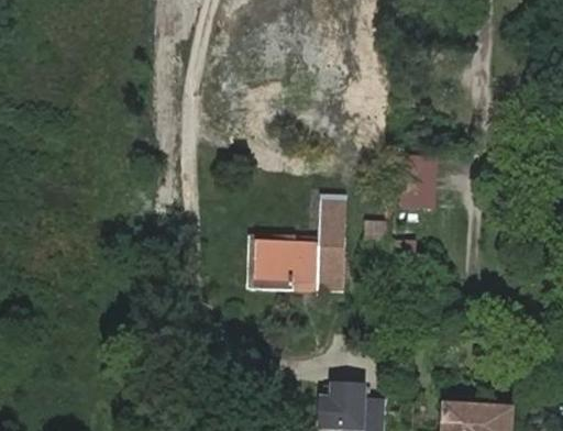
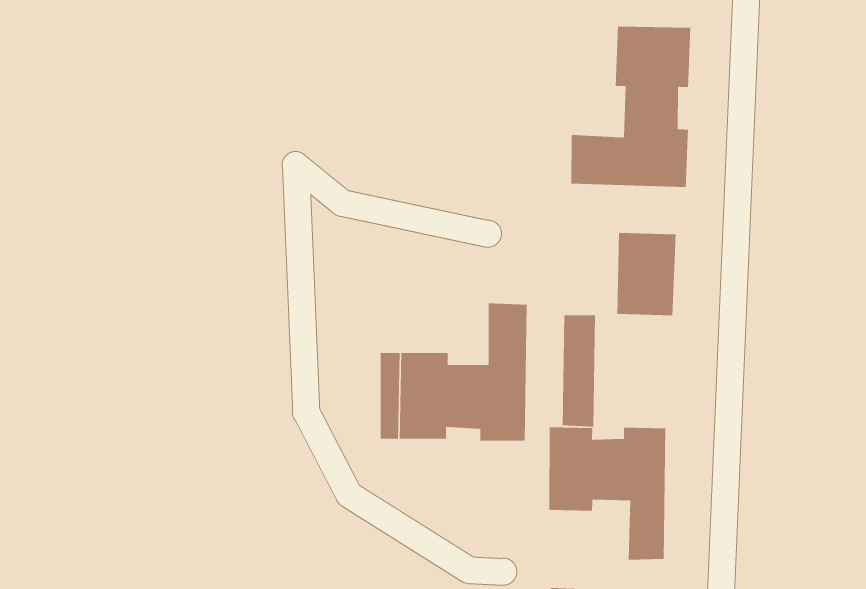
building: none -> [570,26,691,188]
building: none -> [548,426,666,560]

